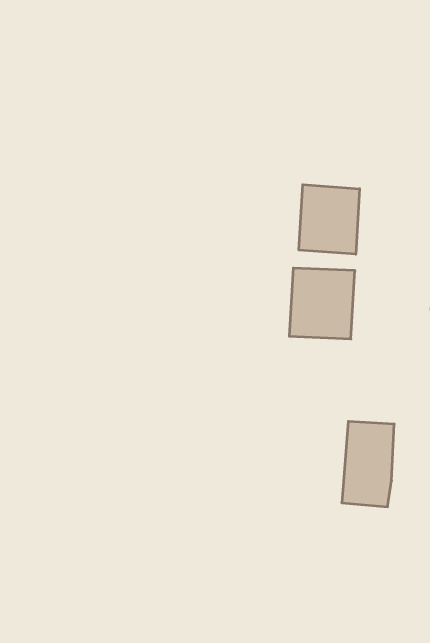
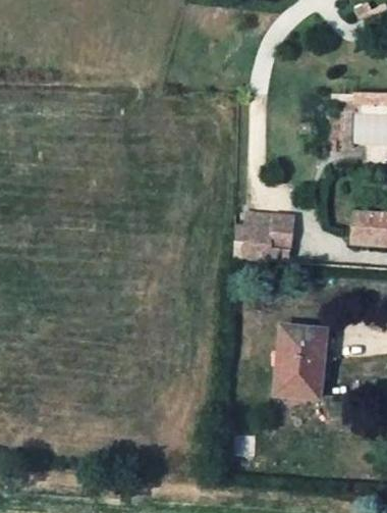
building: [299,185,360,254] -> none

